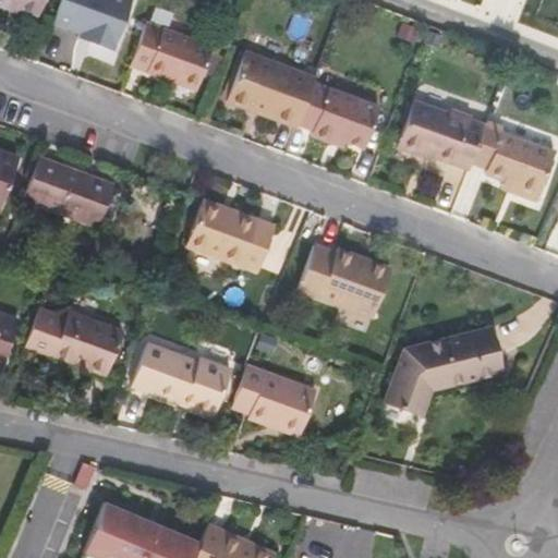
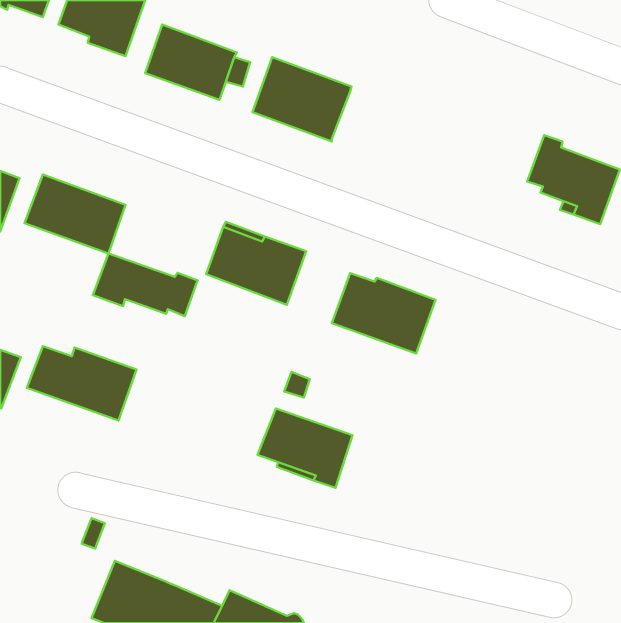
building: [299,82,381,148] -> none
building: [398,100,487,169] -> none
building: none -> [93,254,198,316]
building: [384,325,505,416] -> none
building: [132,342,232,416] -> none

